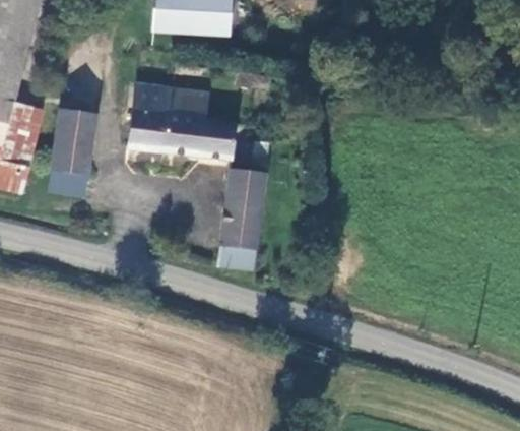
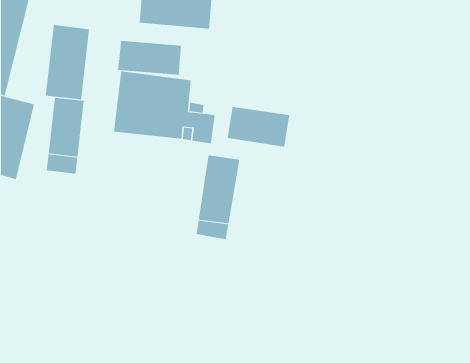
building: none -> [45,24,89,100]
building: none -> [118,40,181,76]
building: none -> [227,106,290,148]

